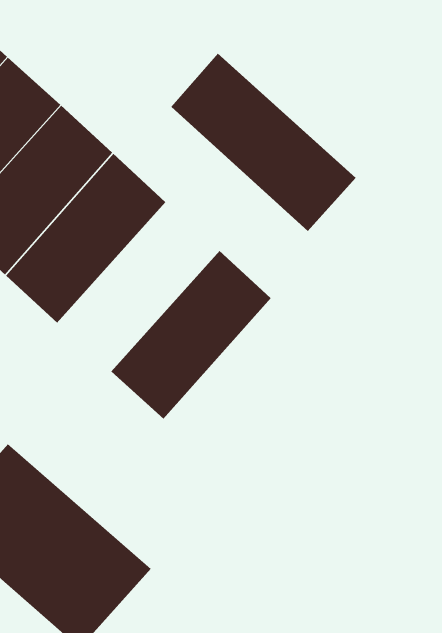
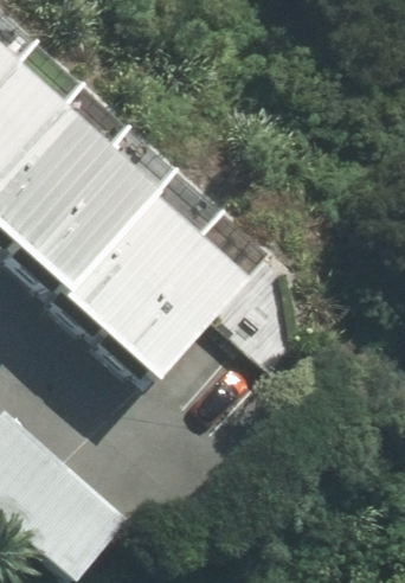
building: [171,53,357,232] -> none
building: none -> [56,182,200,333]

